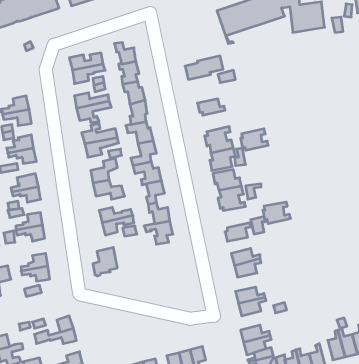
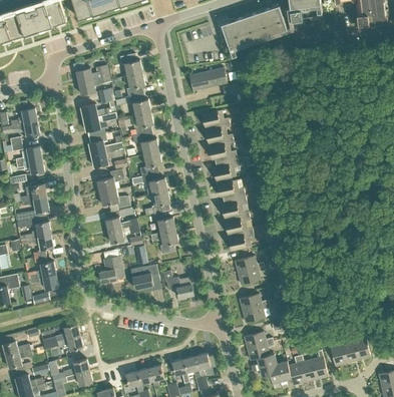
building: [241,129,268,150] -> [206,121,233,142]
building: [263,202,291,224] -> [226,216,253,237]
building: none -> [132,265,158,290]
building: none -> [162,271,193,299]

